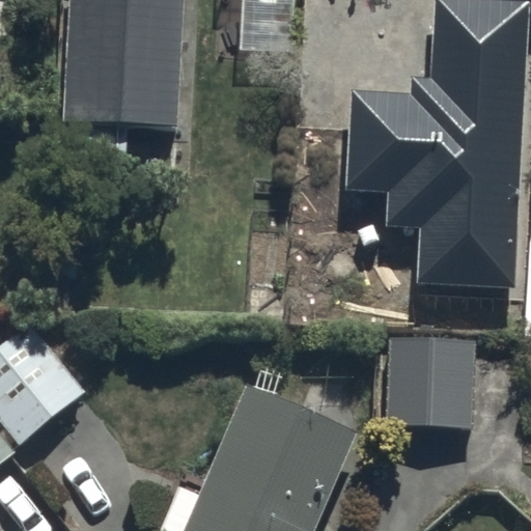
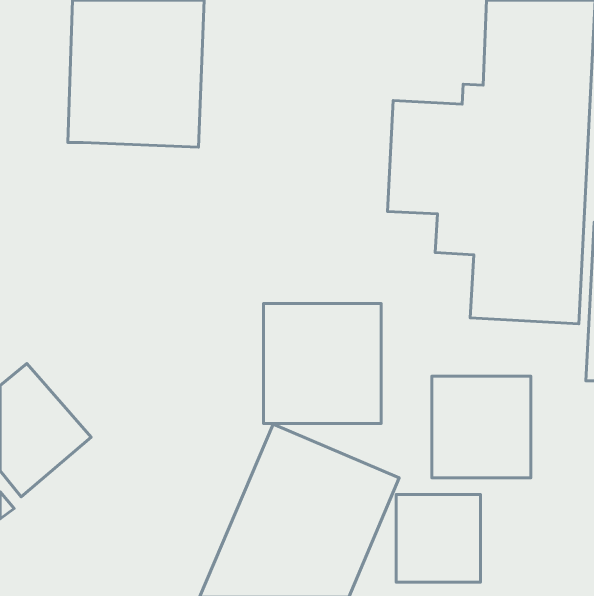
building: none -> [264,304,381,424]
building: none -> [396,495,481,582]

